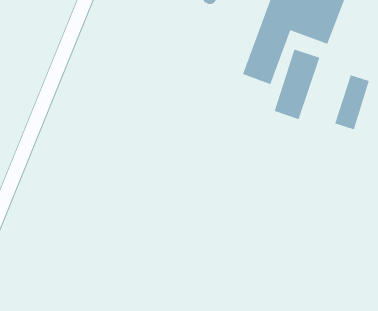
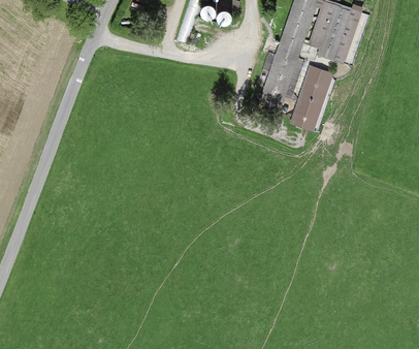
building: [334,74,370,130] -> none

